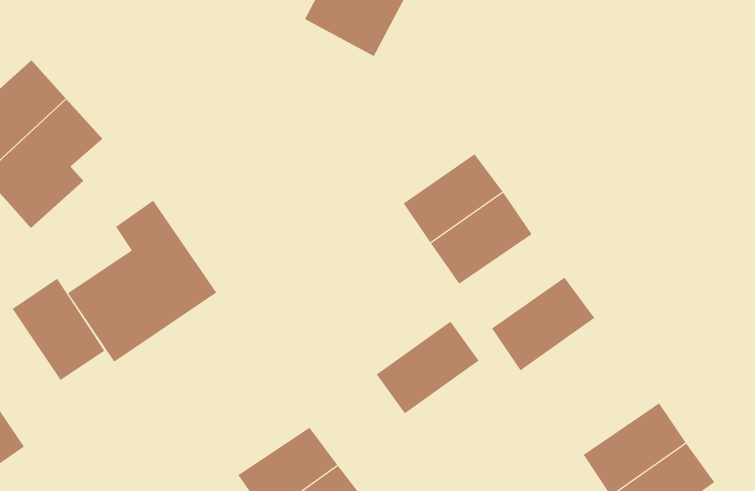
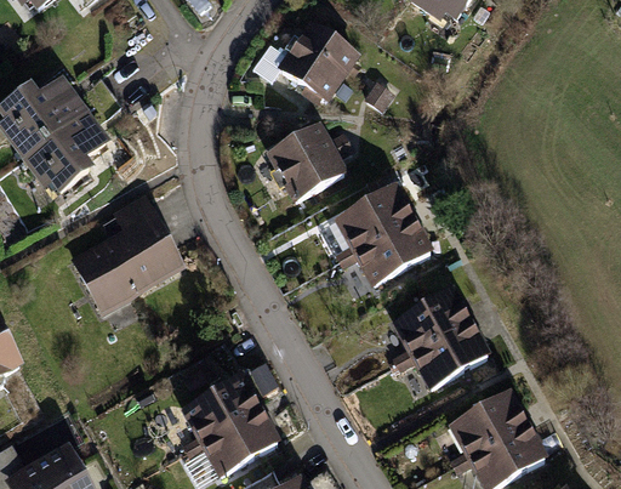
building: none -> [262,119,352,198]
building: [12,278,105,381] -> none
building: [376,321,480,414] -> [408,319,488,386]

